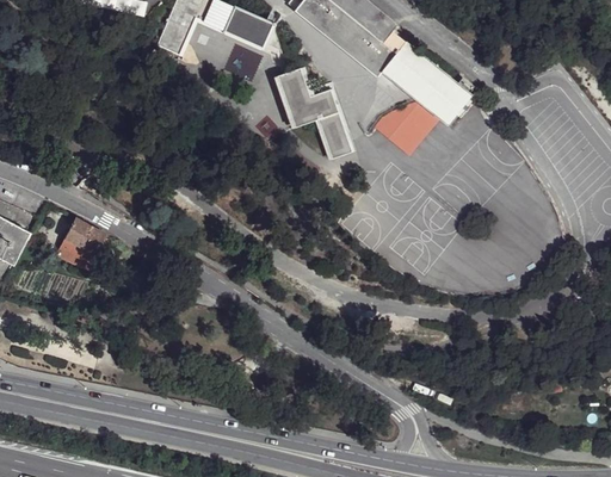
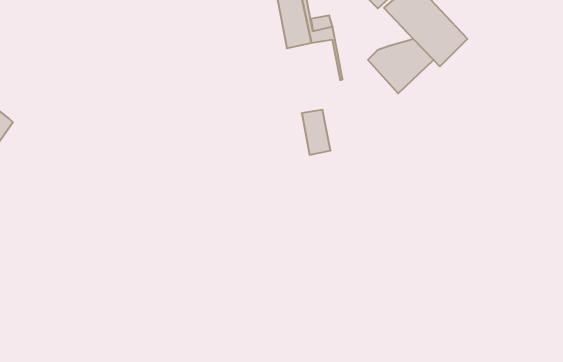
building: [316,112,350,159] -> [302,110,331,155]
building: [55,218,105,271] -> none

